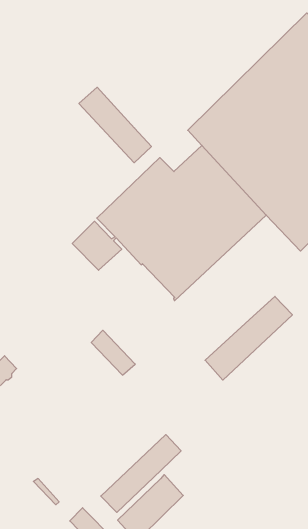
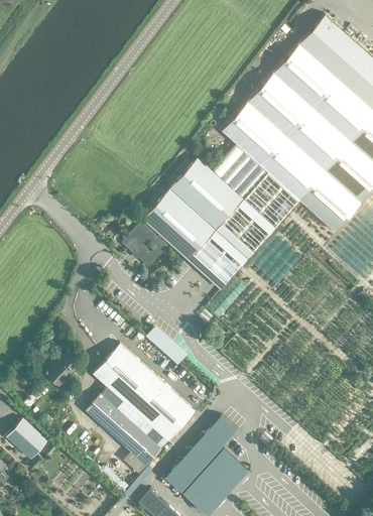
building: [79,87,151,163] -> none
building: [205,296,292,380] -> none
building: none -> [86,344,196,466]

